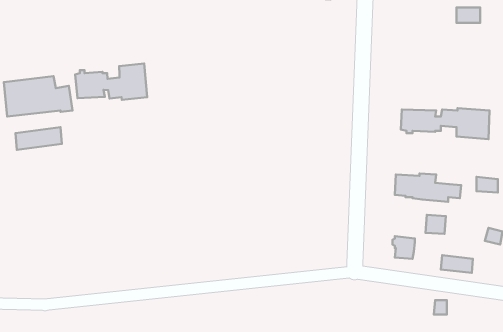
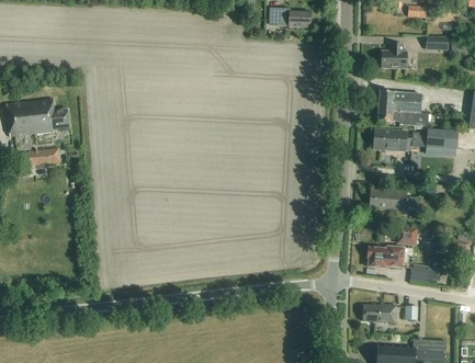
building: none -> [382,44,407,68]
building: [75,64,147,100] -> none
building: none -> [377,91,429,126]
building: none -> [363,304,396,322]

